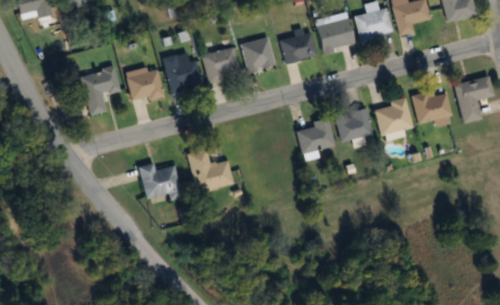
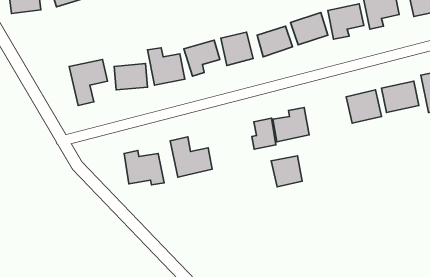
building: [336,108,373,142] -> none
building: none -> [252,118,276,149]
building: none -> [271,156,302,187]

